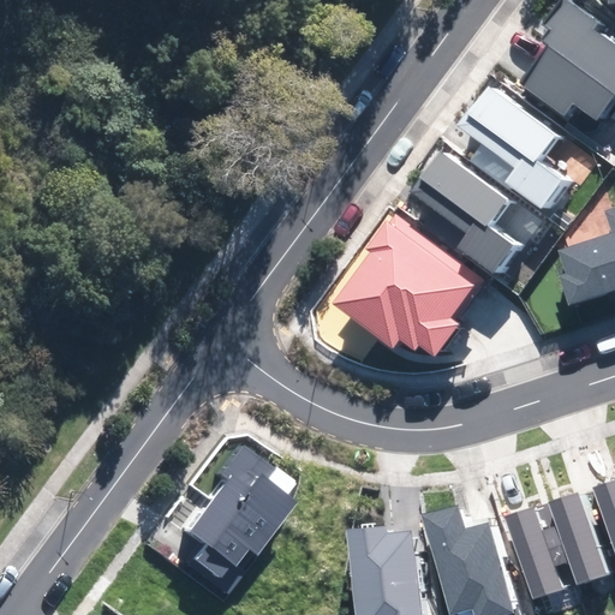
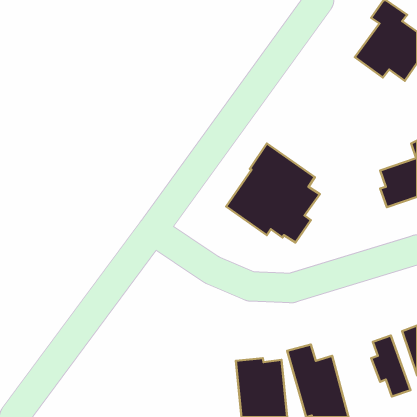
building: [460,88,560,211] -> none
building: [414,151,514,275] -> none
building: [189,446,297,592] -> none
building: [503,507,560,598] -> none

